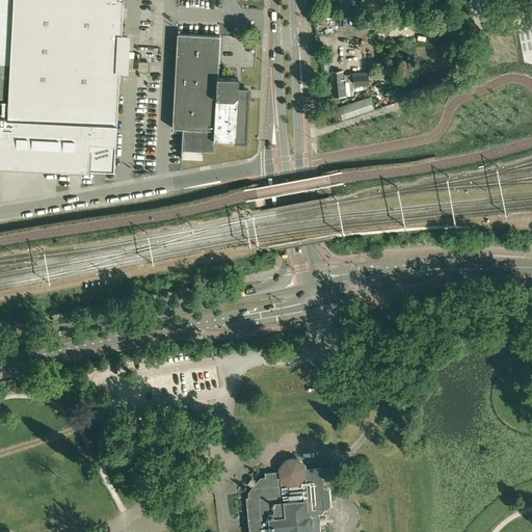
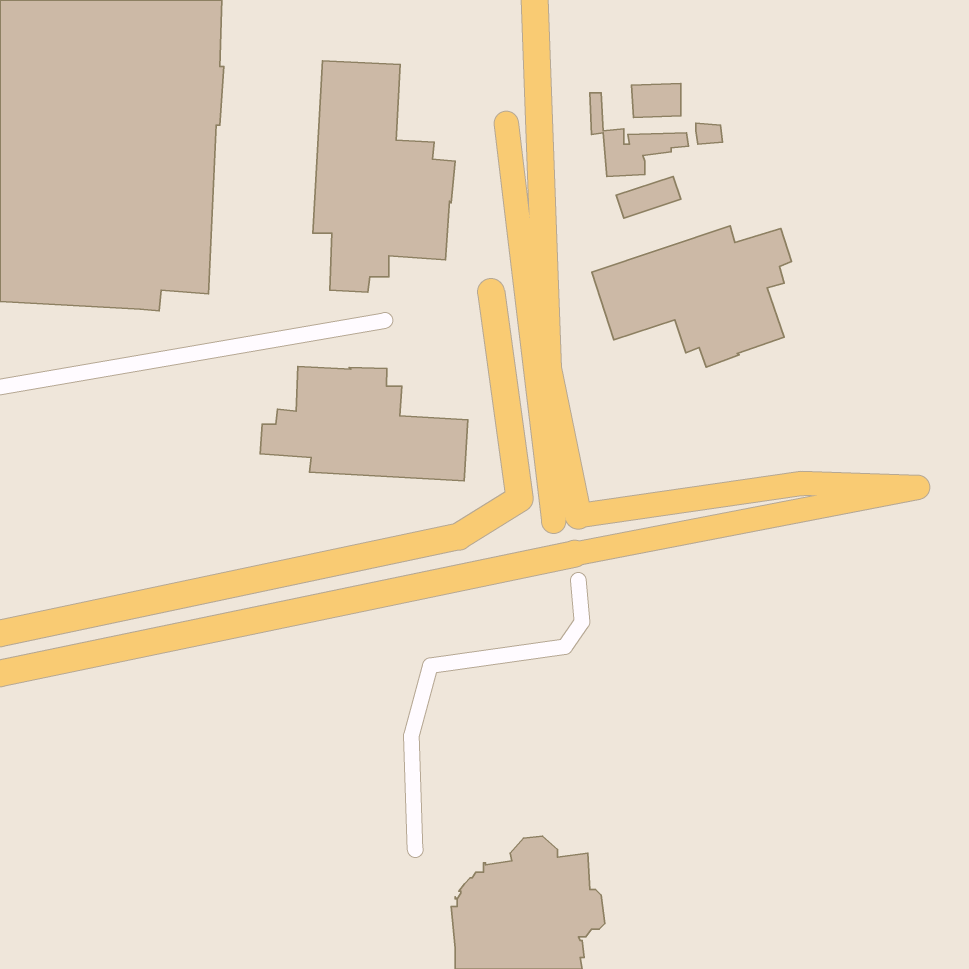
building: none -> [592,226,792,367]
building: none -> [260,367,468,481]

